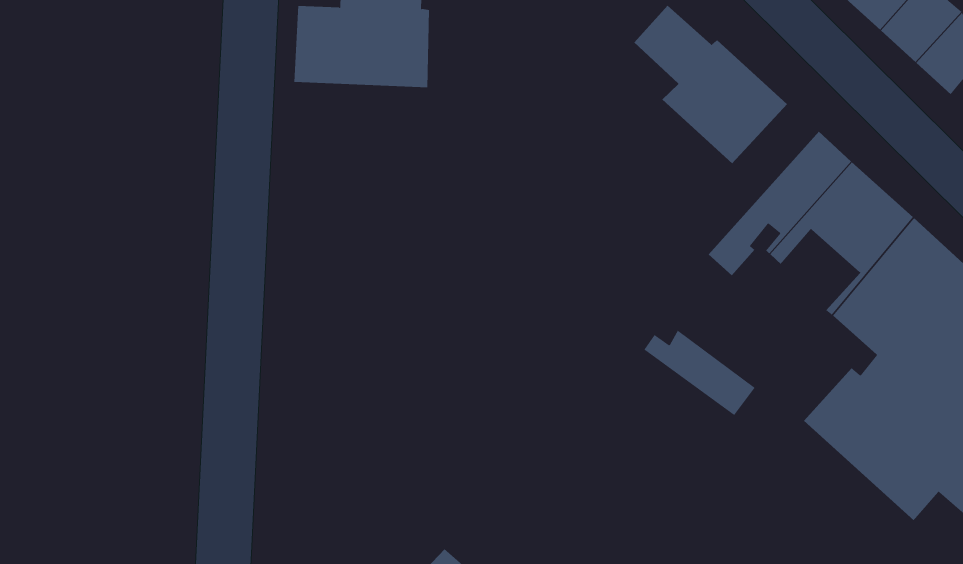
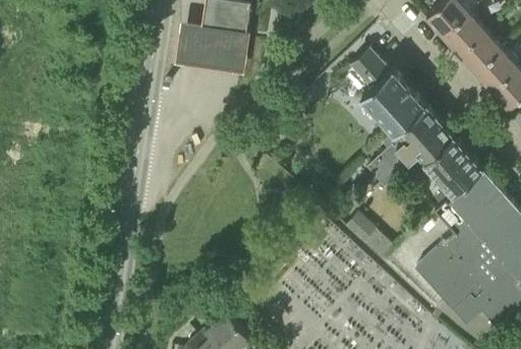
building: none -> [367,105,440,177]

